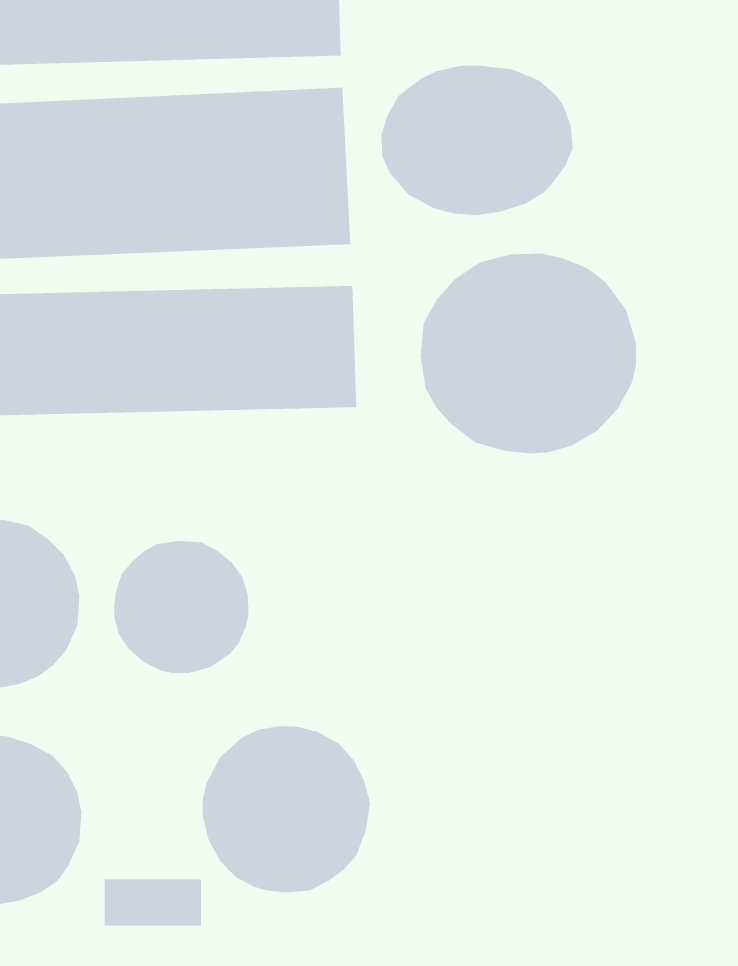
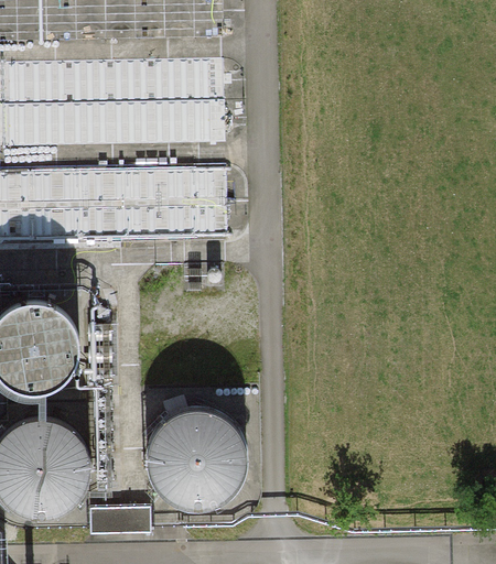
building: [381,65,573,216] -> none
building: [420,253,637,454] -> none
building: [113,540,249,674] -> none

